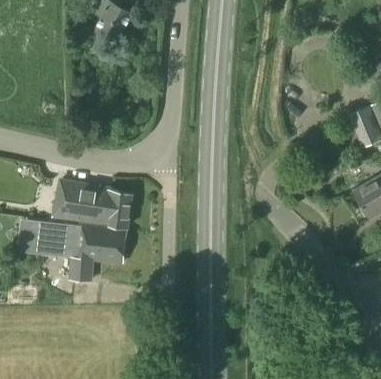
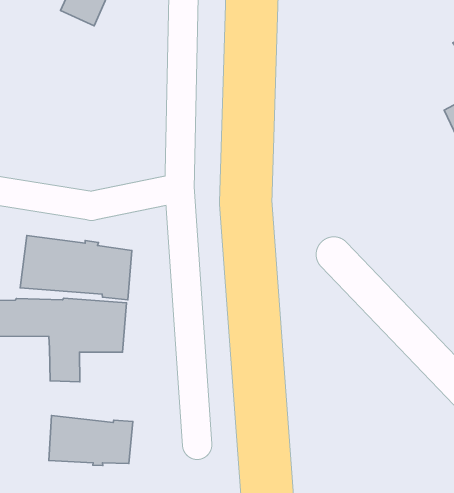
building: none -> [49,415,133,465]

